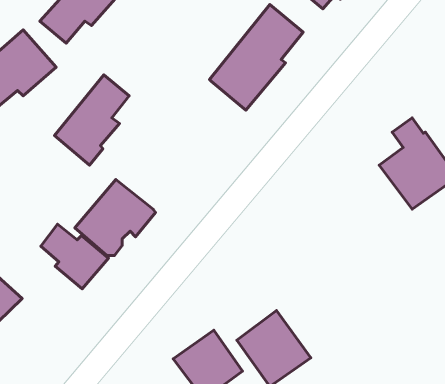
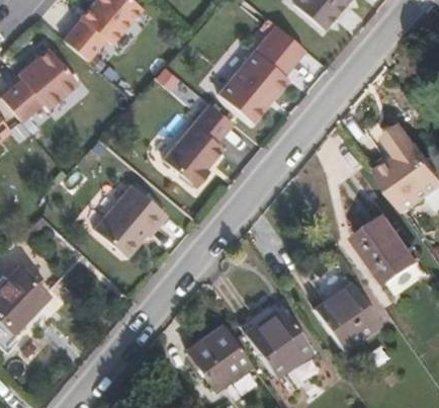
building: [54,75,129,165] -> [164,103,233,186]
building: none -> [355,217,418,282]
building: [41,224,109,289] -> none
building: none -> [316,283,375,345]

